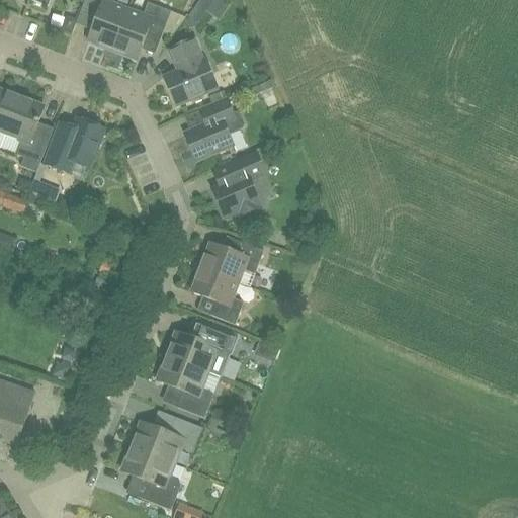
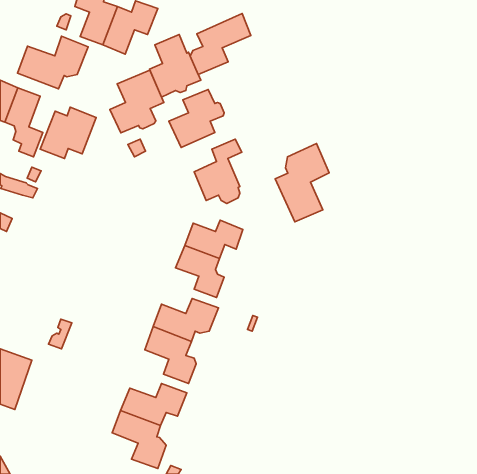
building: none -> [190,14,251,74]
building: none -> [17,36,88,89]
building: none -> [110,70,164,133]
building: none -> [275,143,329,222]

